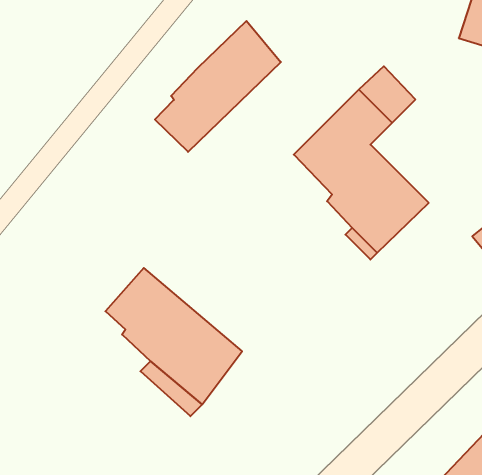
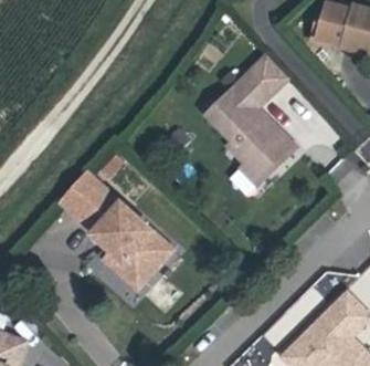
building: [155,21,281,152] -> none
building: none -> [61,172,107,220]

